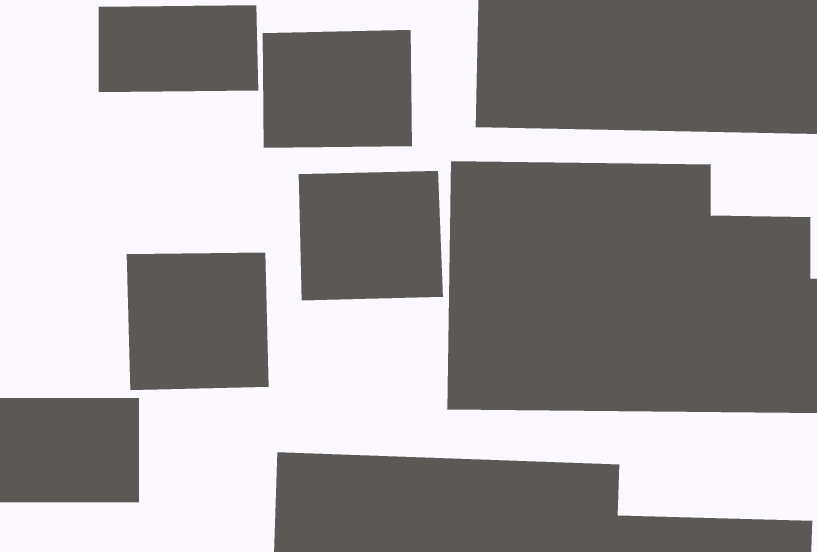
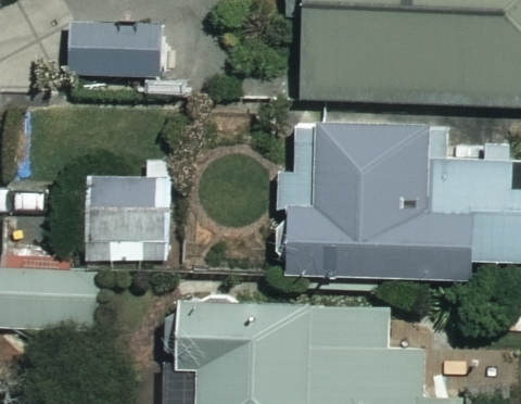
building: [262,29,413,149] -> none
building: [298,170,444,301] -> none

